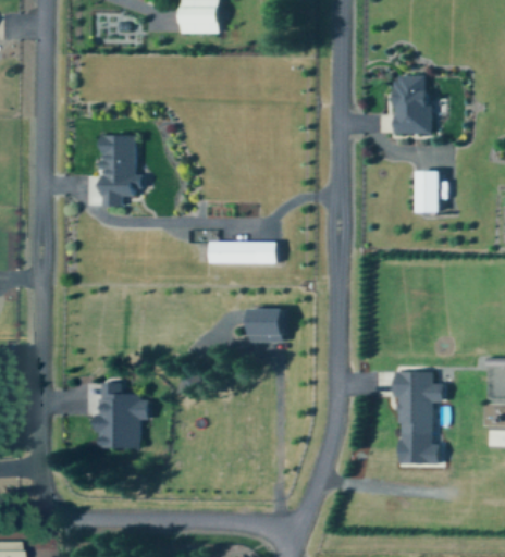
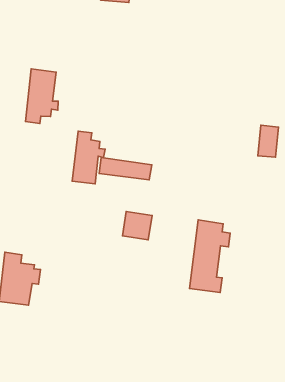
building: [394,75,429,134] -> none
building: none -> [72,131,105,184]
building: [398,372,443,465] -> [190,220,230,293]

